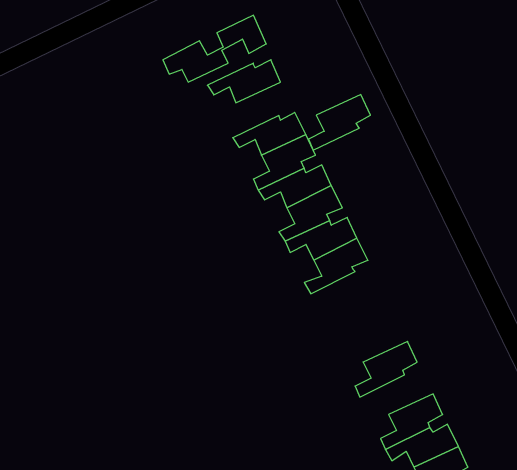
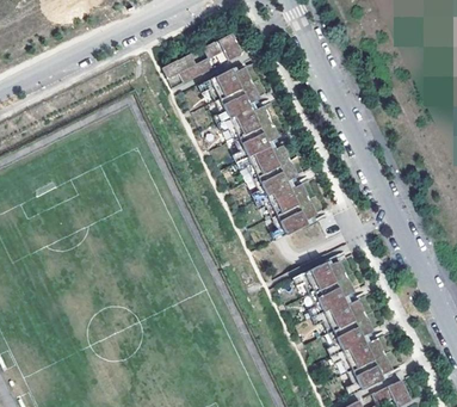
building: [308,95,370,150] -> [212,82,259,124]
building: none -> [292,260,347,292]
building: none -> [311,301,366,332]

